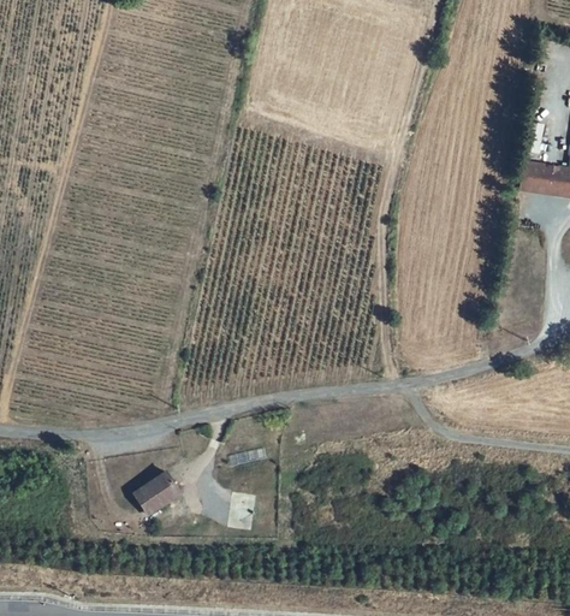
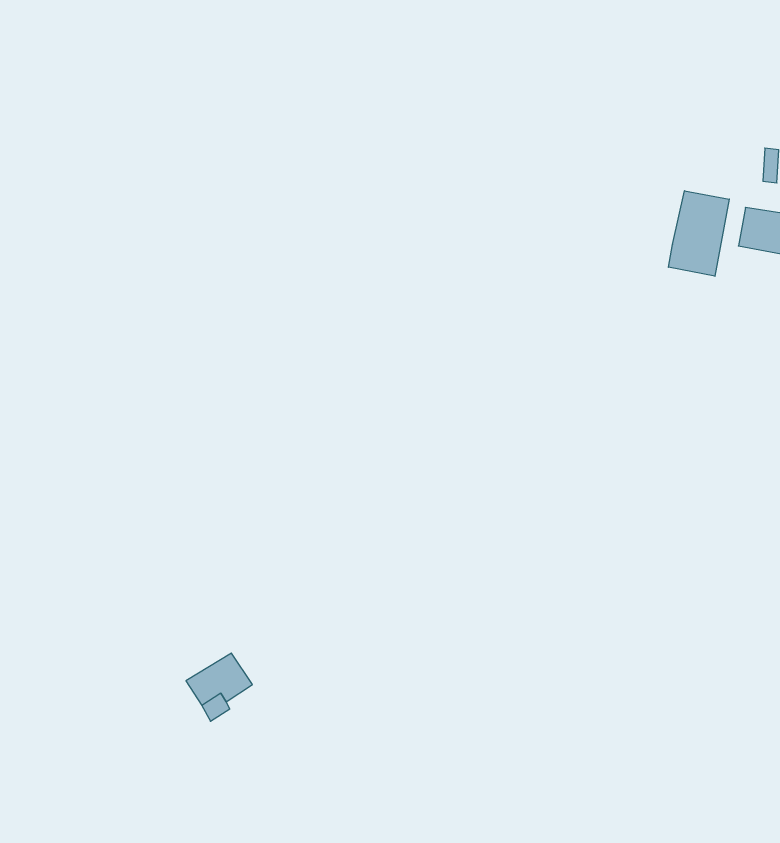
building: none -> [668,191,729,276]

